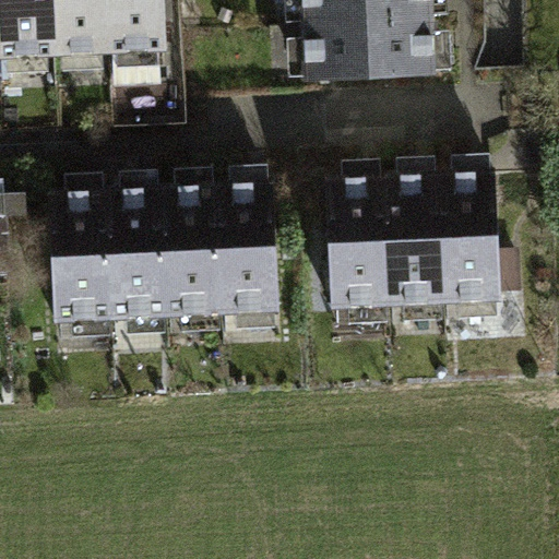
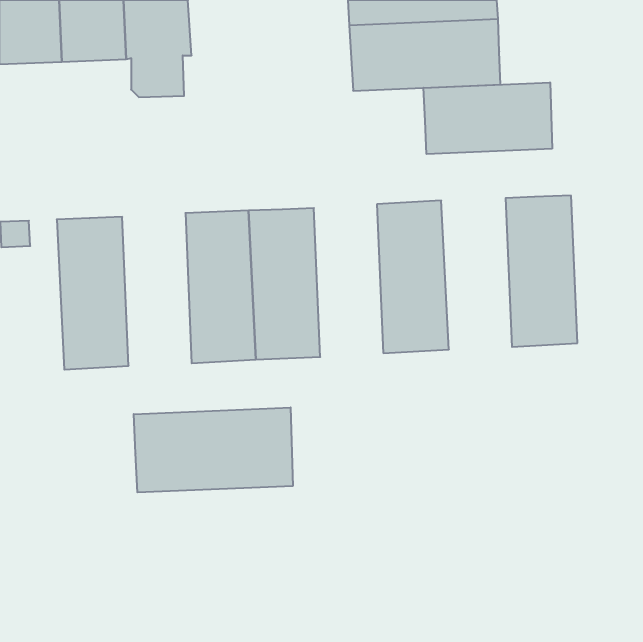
building: none -> [424,82,552,154]
building: [382,174,443,305] -> none
building: [106,187,166,319] -> none
building: none -> [134,407,293,492]

